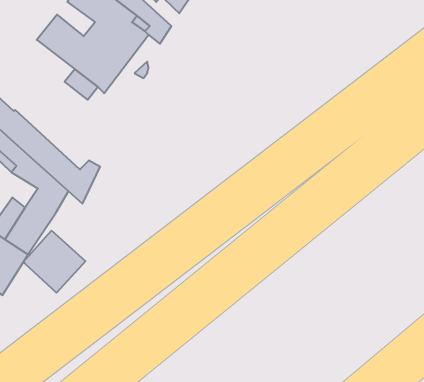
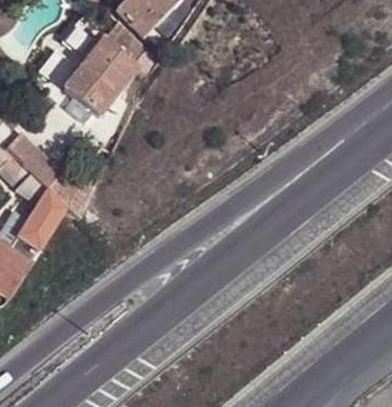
building: [24,231,85,293] -> none

